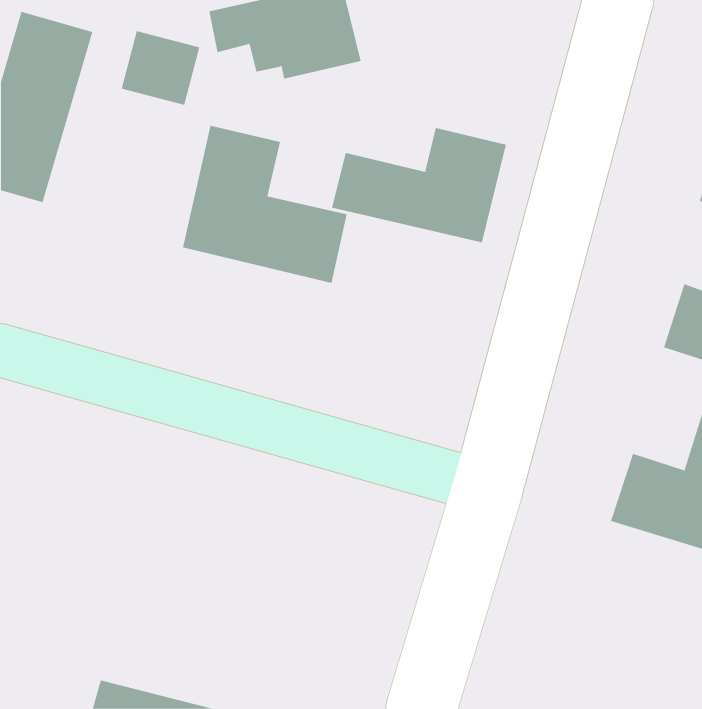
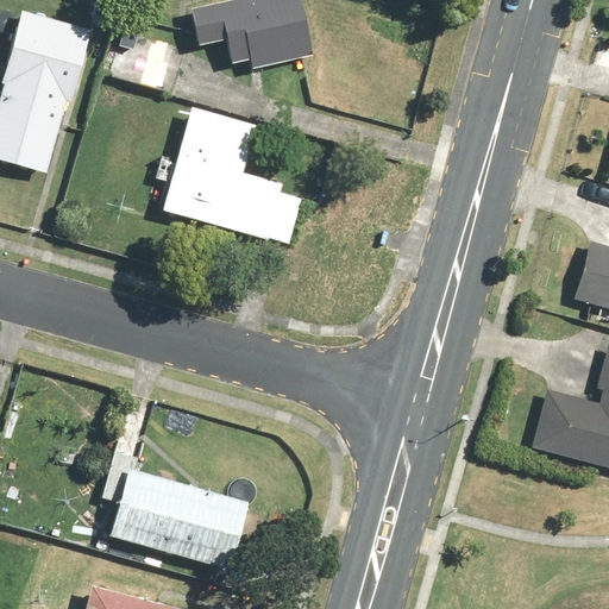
building: [331,127,507,243] -> none
building: none -> [103,464,253,583]

